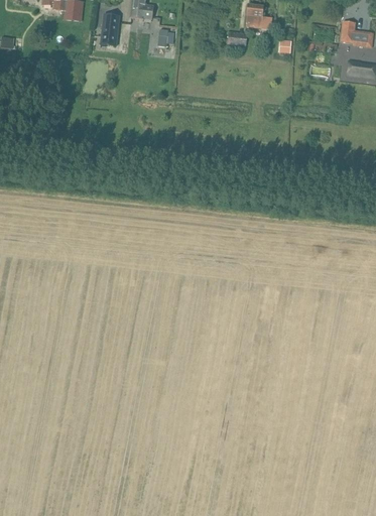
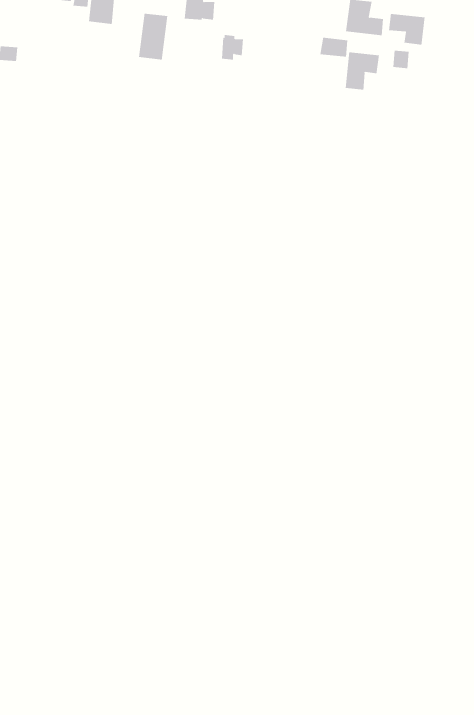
building: none -> [389,13,425,46]
building: none -> [345,51,379,90]

